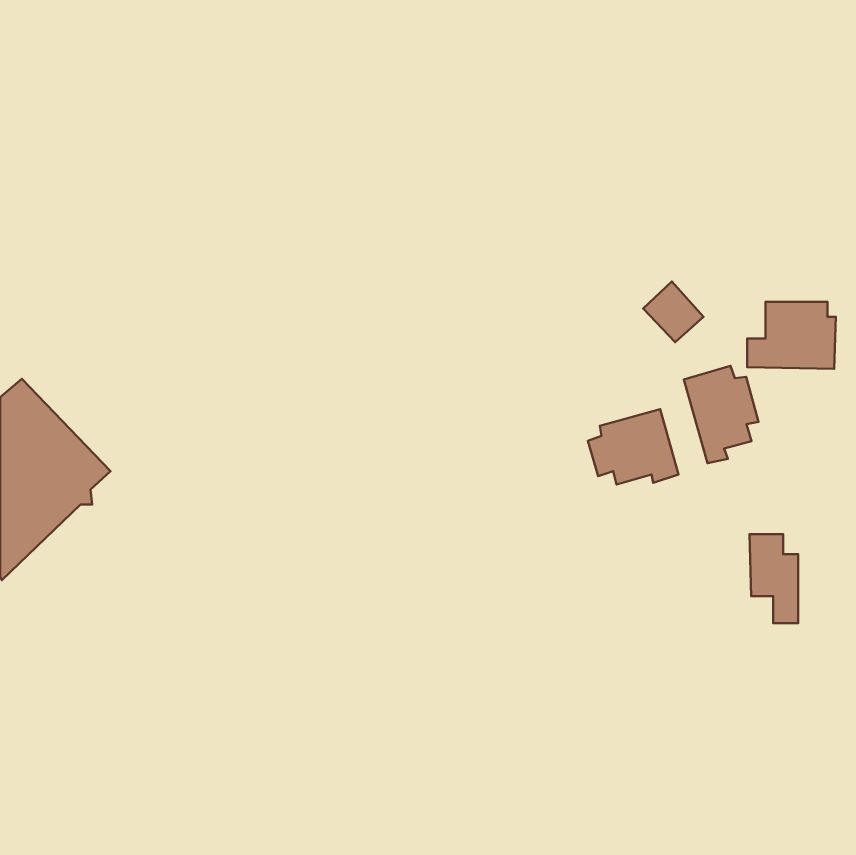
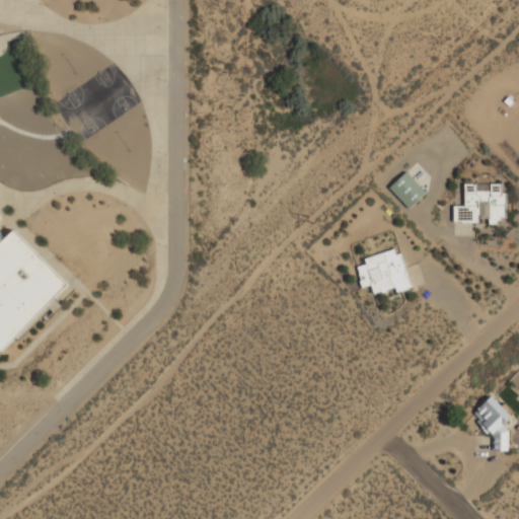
building: [684,366,759,463] -> none
building: [750,534,798,623] -> [477,396,507,450]

